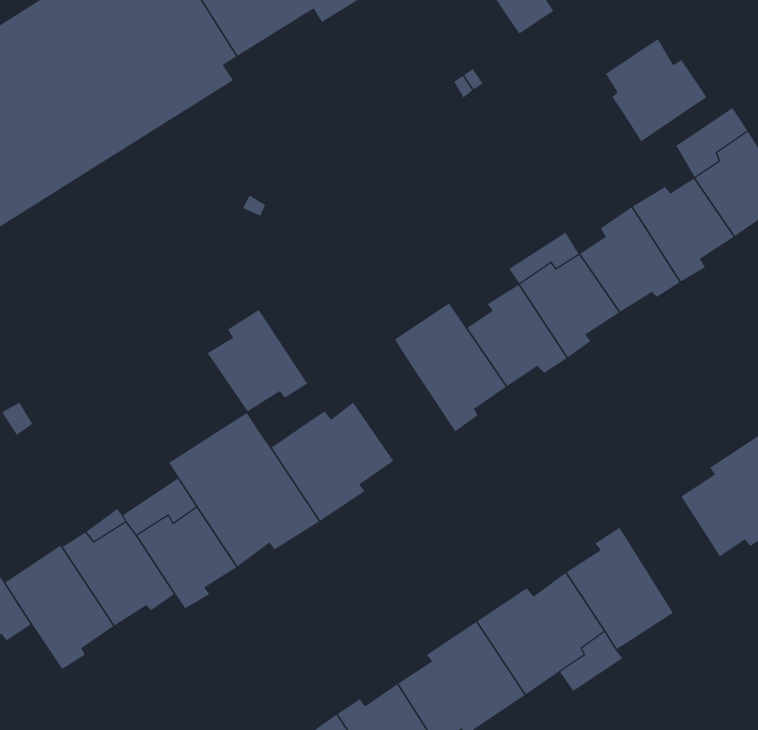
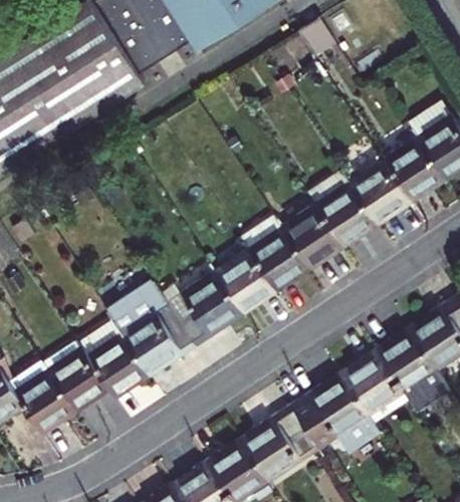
building: [605,38,707,142] -> none
building: [207,309,308,412] -> [216,249,276,310]
building: none -> [375,331,449,413]

